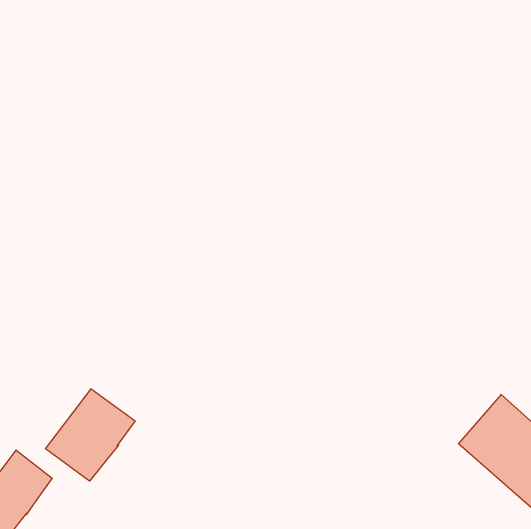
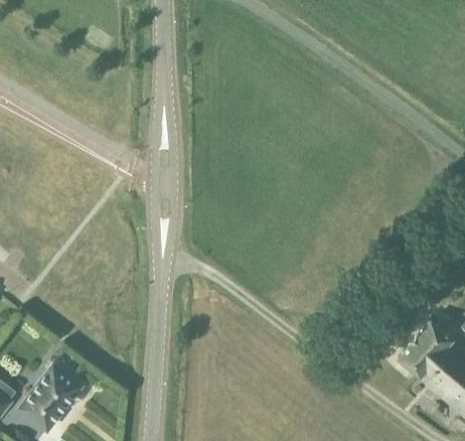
building: [46,389,135,481] -> none

